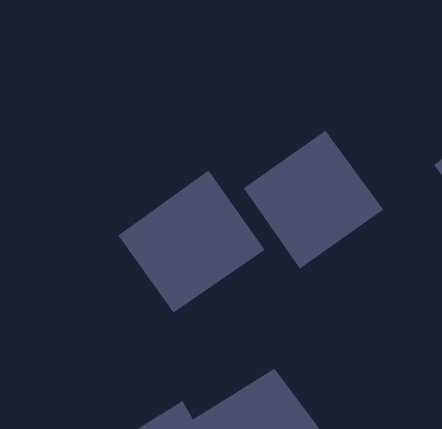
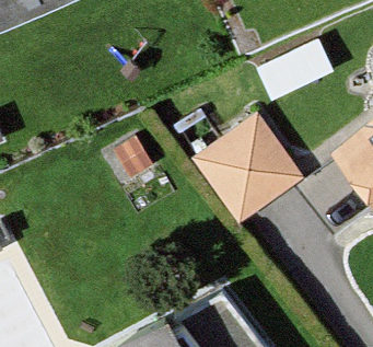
building: [117,170,266,314] -> none

